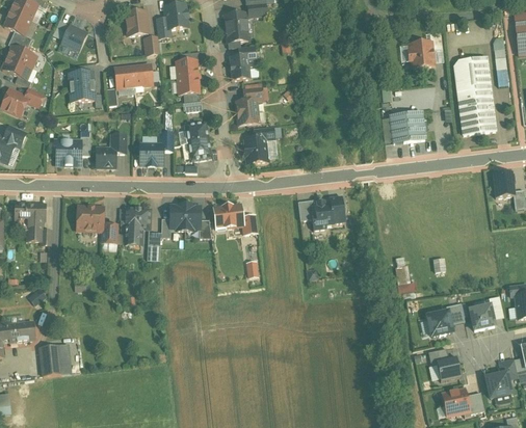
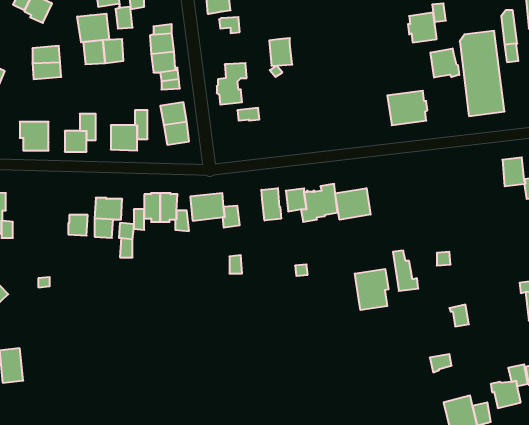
building: none -> [77,14,109,42]
building: [230,54,251,79] -> [269,38,292,66]
building: none -> [431,48,459,78]
building: [245,137,267,162] -> none
building: none -> [261,188,281,221]
building: none -> [335,188,371,220]
building: [77,205,104,231] -> none
building: none -> [355,269,388,310]
building: [469,304,494,329] -> none
building: [426,311,453,339] -> none
building: [437,357,461,381] -> none

